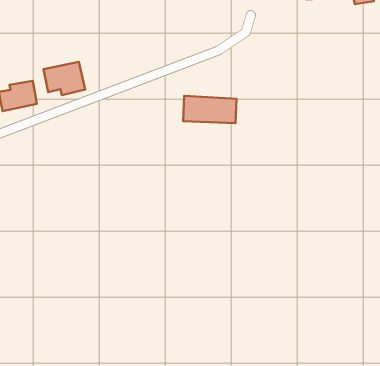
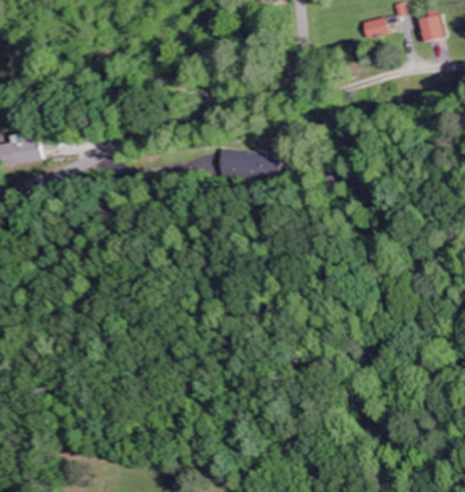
building: [44,62,85,95] -> none

